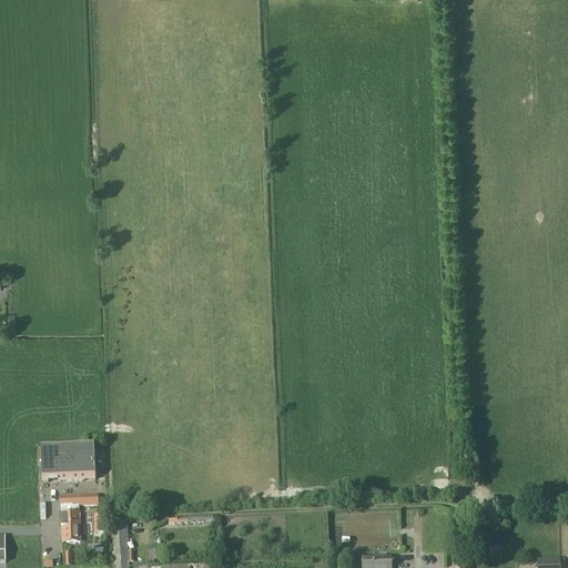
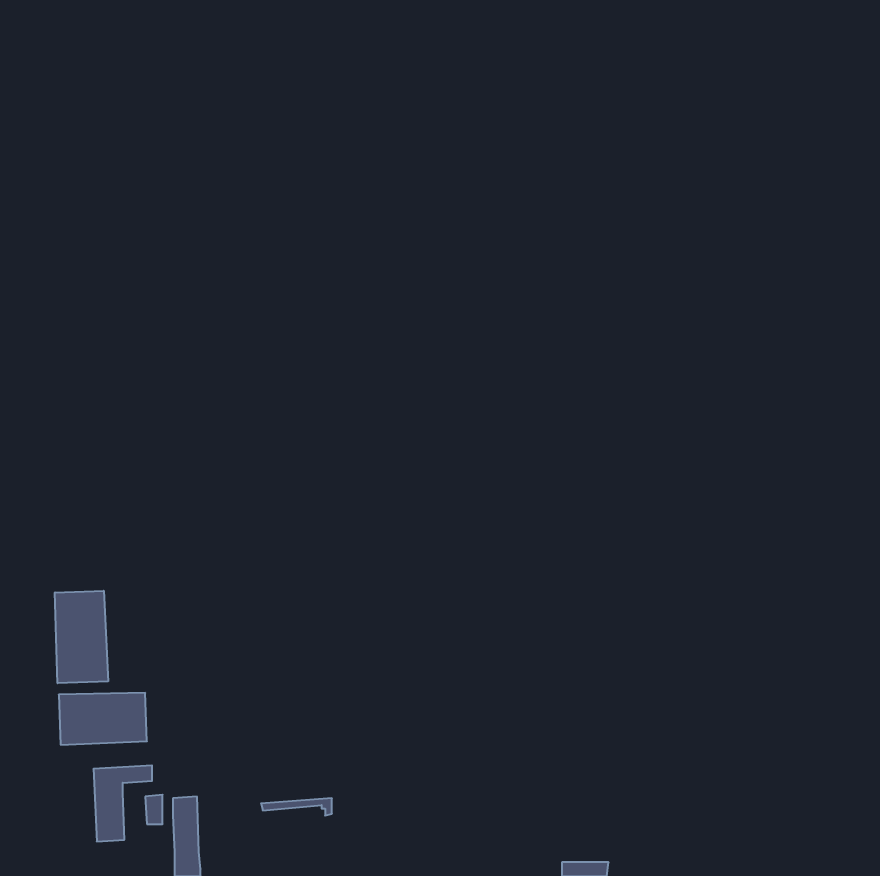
building: none -> [55,591,108,683]

